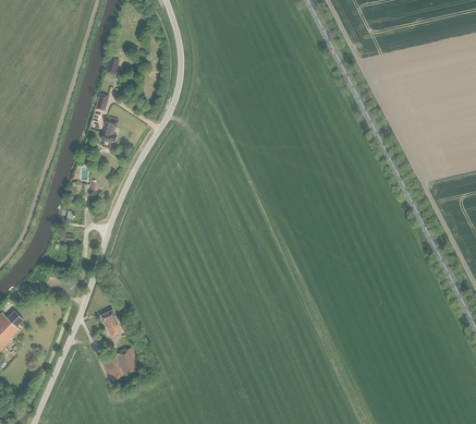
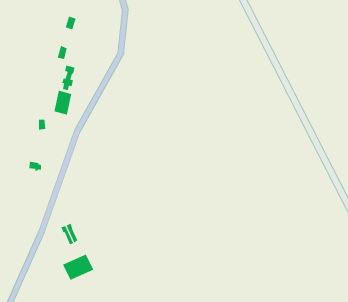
building: none -> [54,90,72,116]

